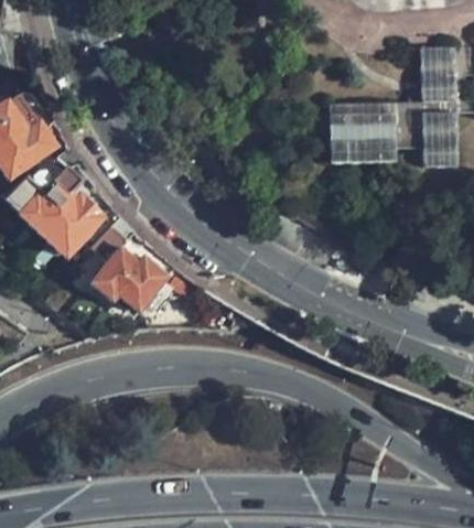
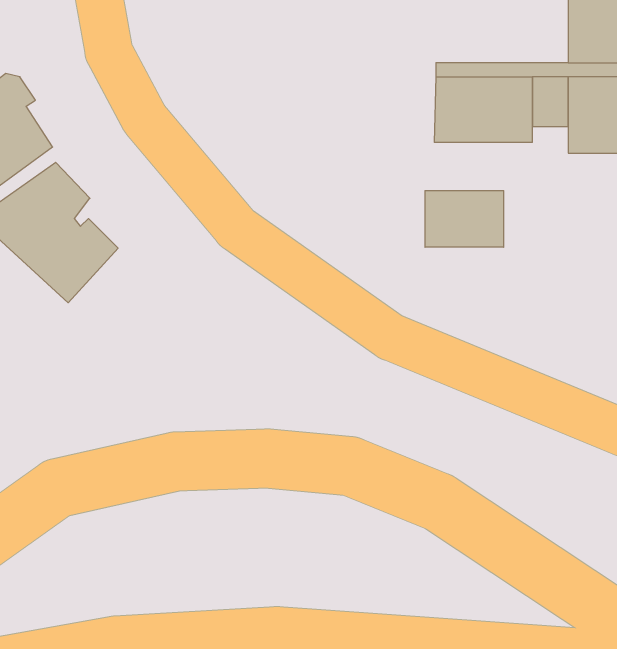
building: none -> [425,191,504,247]
building: [93,234,171,323] -> none

